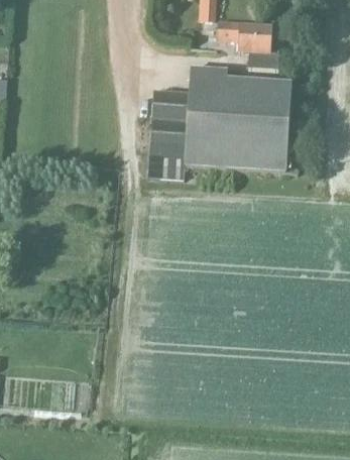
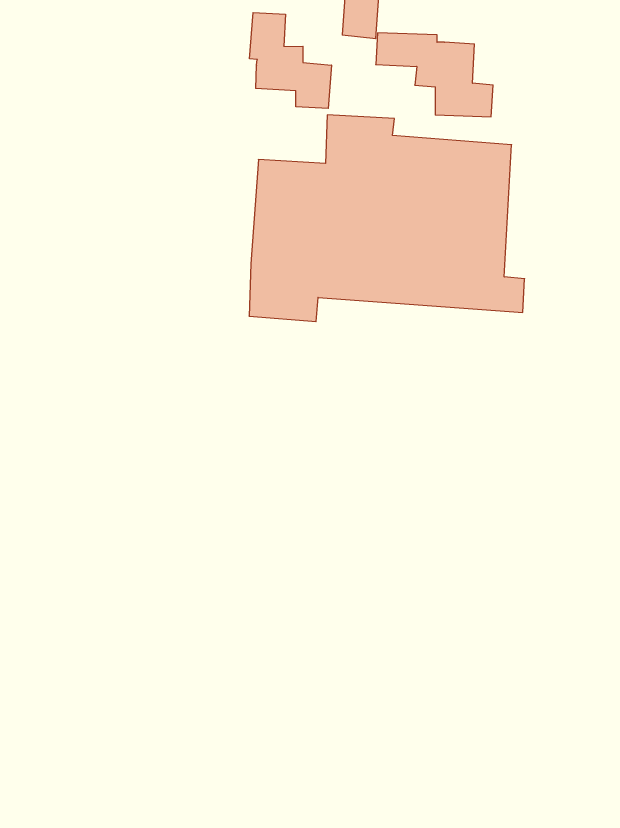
building: none -> [250,13,331,108]

